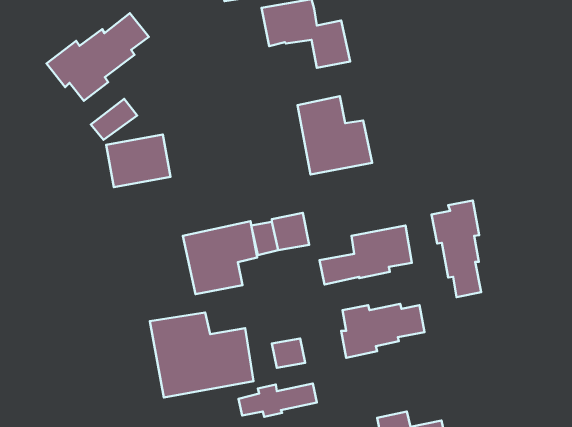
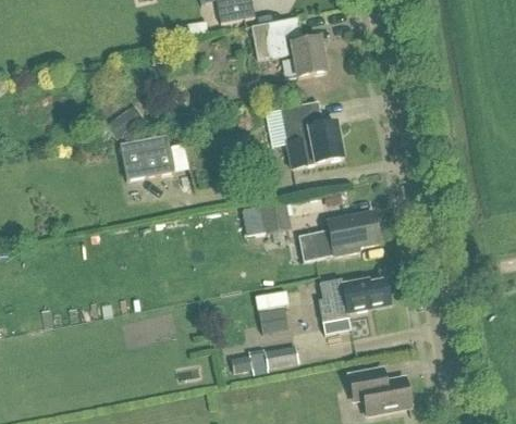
building: [47,13,149,101] -> none
building: [432,200,481,297] -> none
building: [183,221,257,294] -> none
building: [150,312,253,398] -> none

